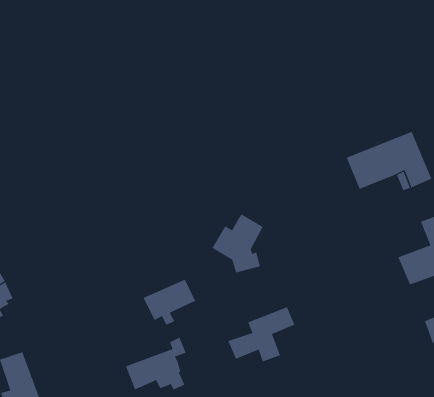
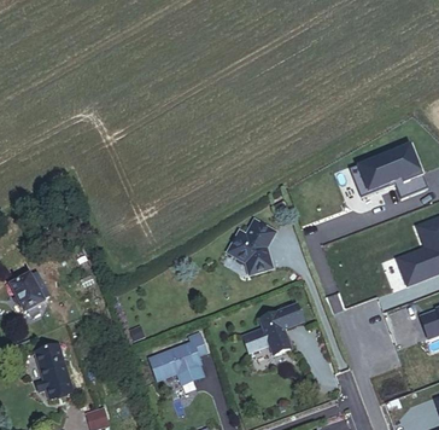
building: [143,279,196,325] -> none

